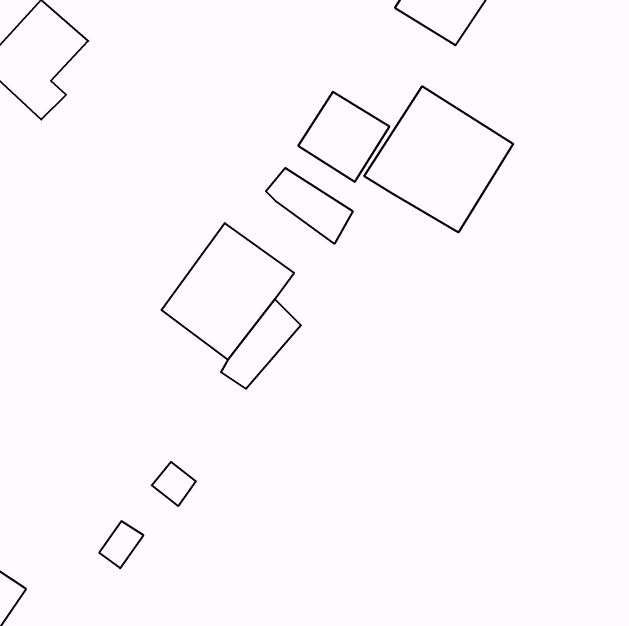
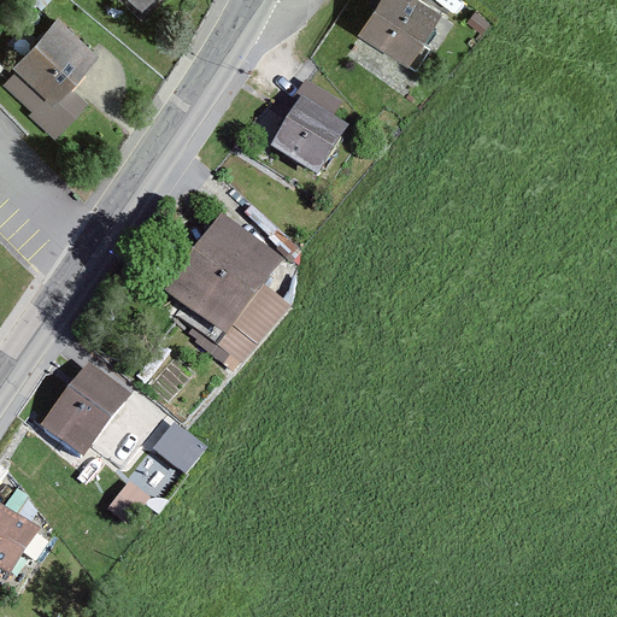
building: [364,86,513,232] -> none
building: [266,168,353,244] -> none
building: none -> [39,359,125,451]

